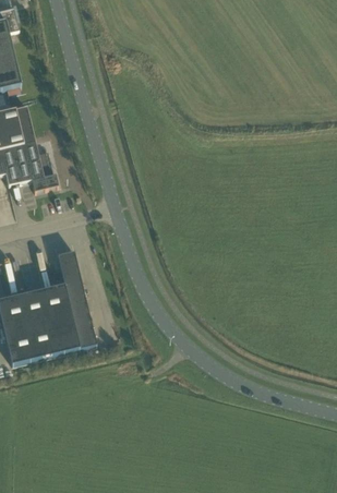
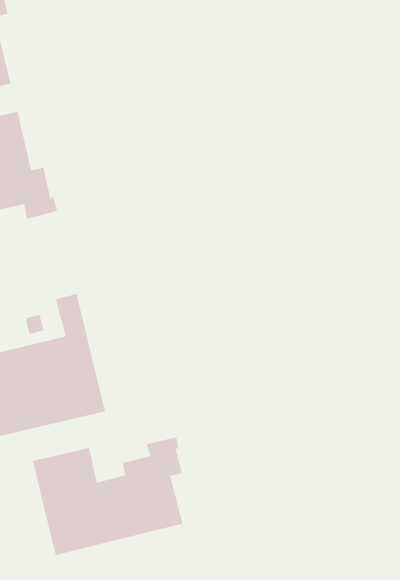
building: none -> [32,437,183,556]

